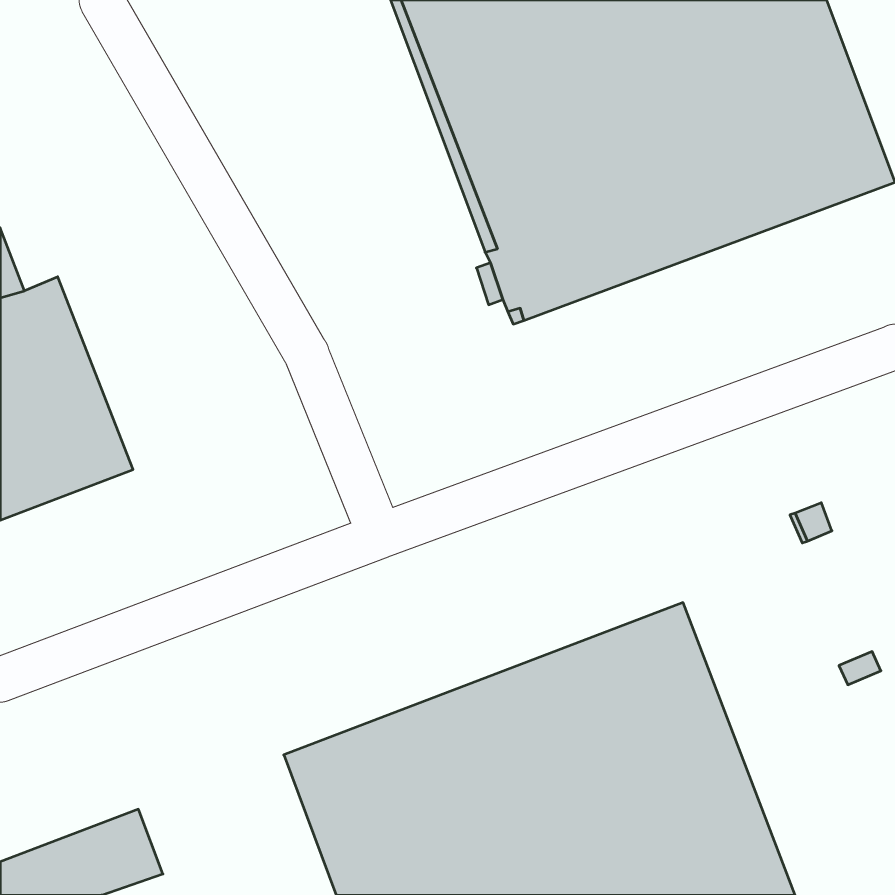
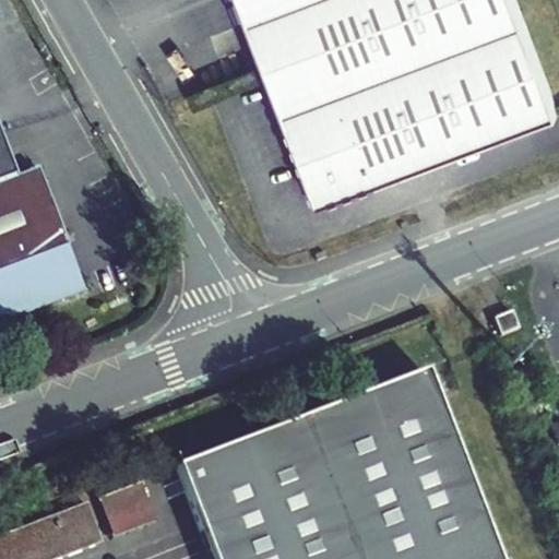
building: none -> [97,483,156,540]

